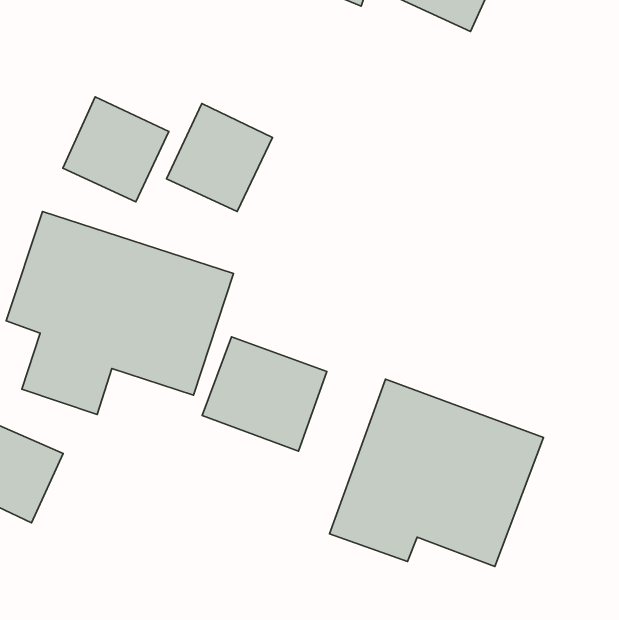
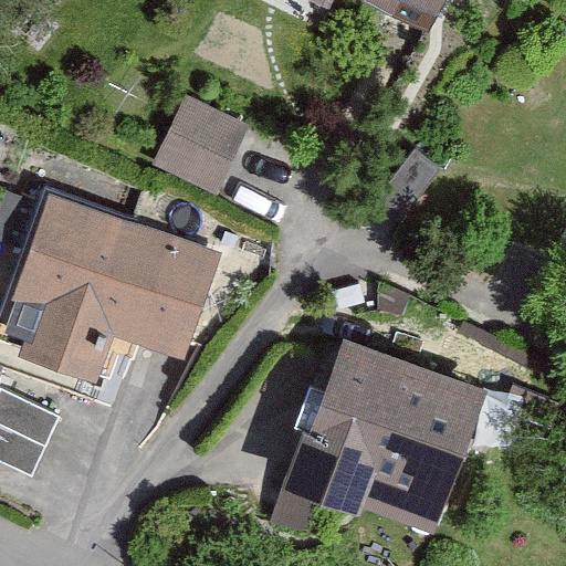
building: [63,97,169,202] -> none
building: [202,337,327,451] -> none

